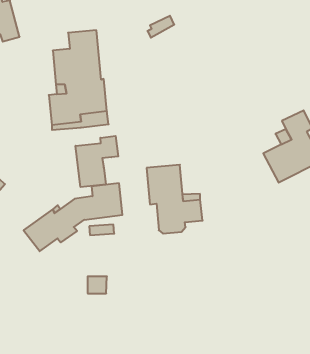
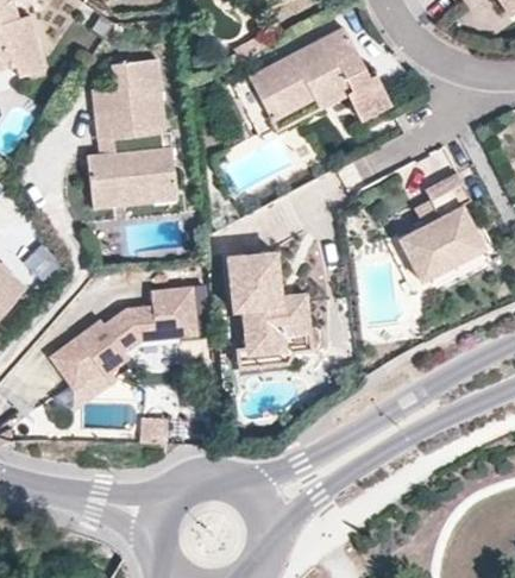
building: none -> [251,32,394,125]
building: [76,136,118,187] -> none

